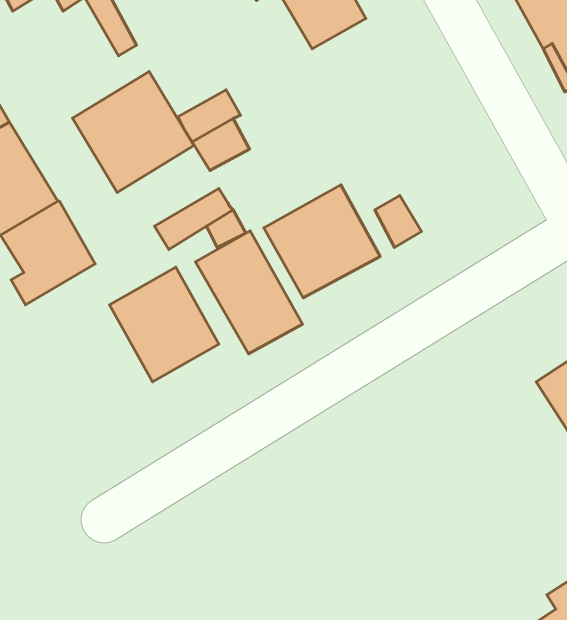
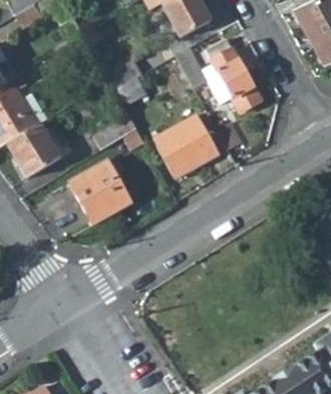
building: none -> [176,38,261,110]
building: [72,71,194,193] -> none
building: [196,231,302,354] -> none

